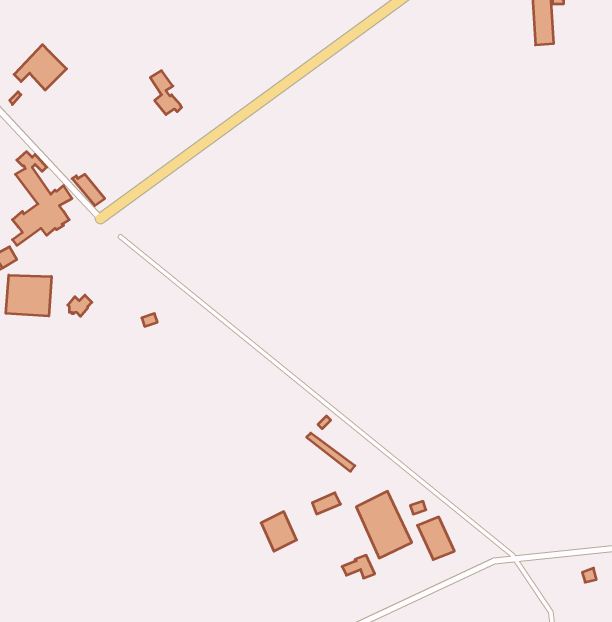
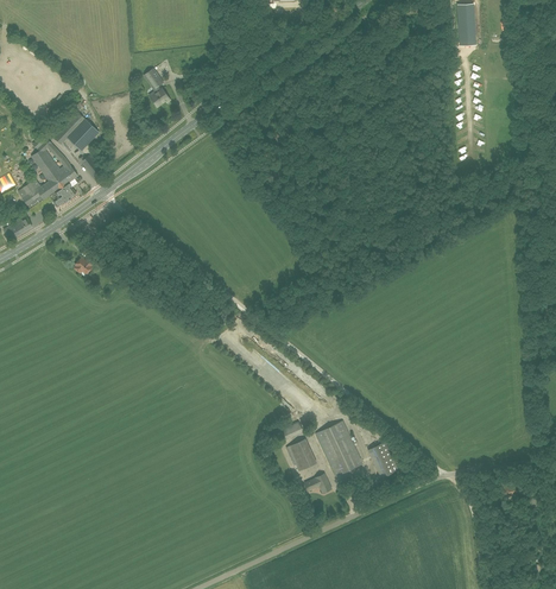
building: [14,45,67,90] -> [53,112,97,150]
building: [6,275,51,316] -> none
building: [261,512,297,551] -> [285,437,315,470]

